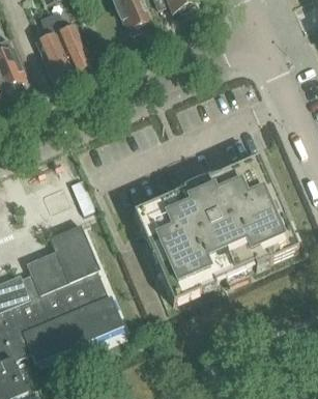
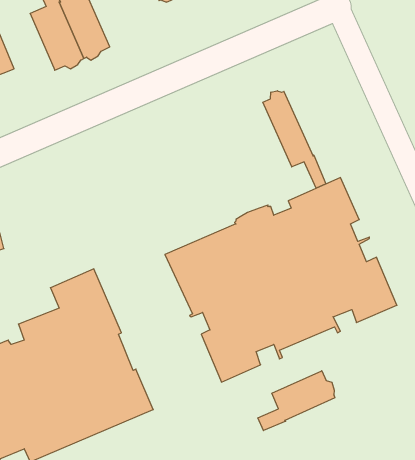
building: none -> [263,91,326,188]
building: none -> [258,371,335,431]

